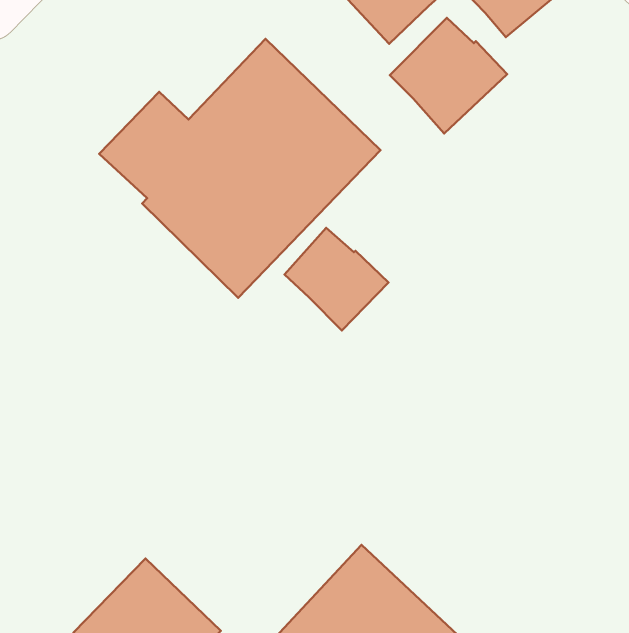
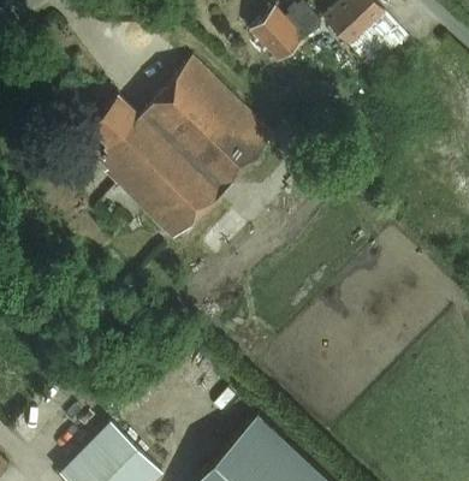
building: [390,18,507,134] -> none
building: [285,228,388,331] -> none

